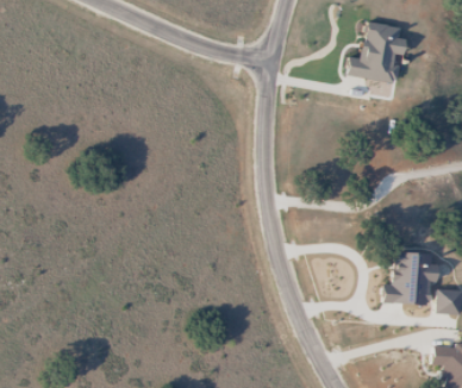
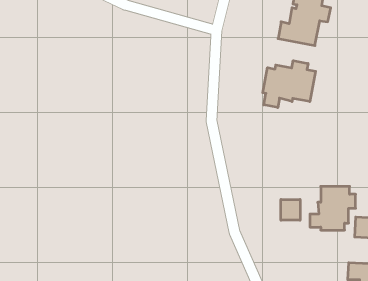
building: none -> [263,61,316,108]
building: none -> [281,199,300,220]

